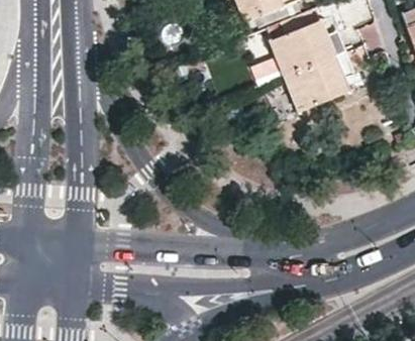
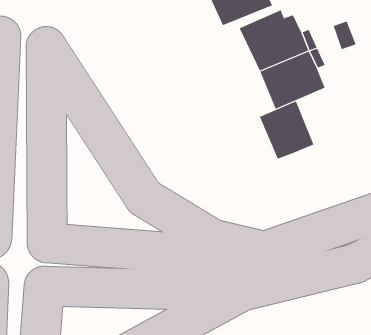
building: none -> [259,101,314,160]

